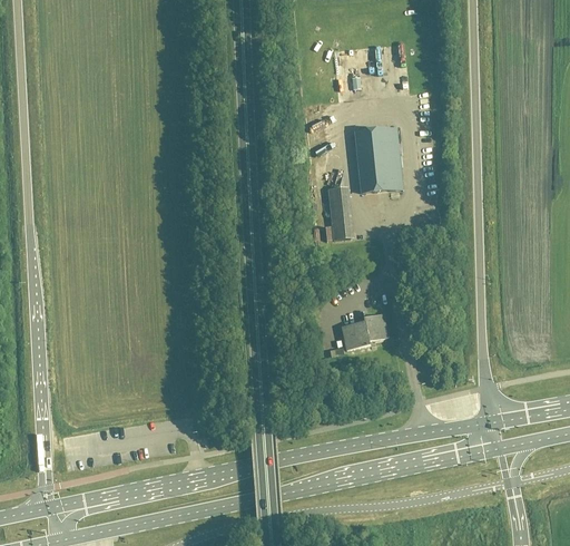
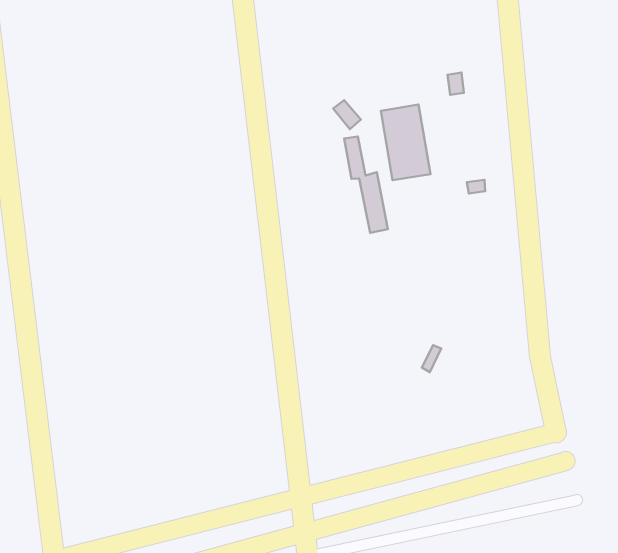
building: [341,313,385,349] -> none

